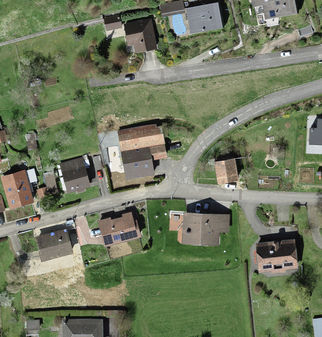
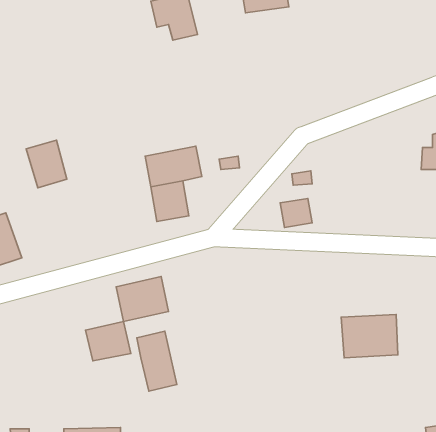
building: [61,157,89,190] -> [26,140,67,188]
building: [182,213,225,242] -> none
building: [40,230,71,257] -> [86,322,131,361]
building: none -> [137,331,177,391]

